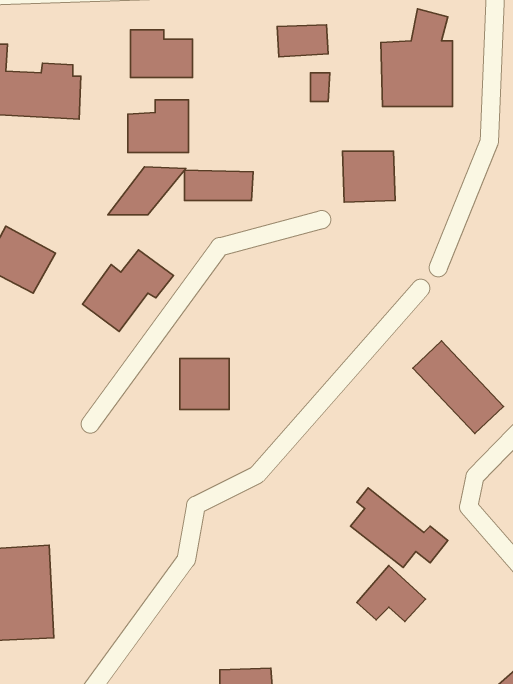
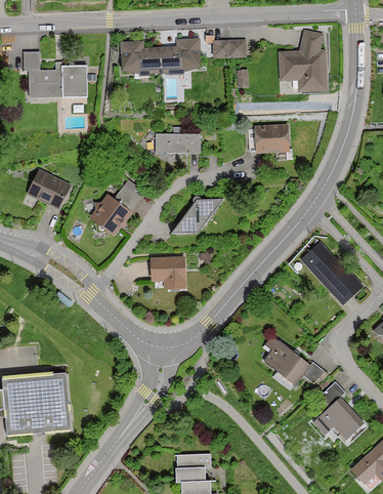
building: [128,100,189,152] -> [160,39,199,73]
building: [108,167,186,215] -> [171,200,221,231]
building: [357,566,426,622] -> [316,398,360,434]

